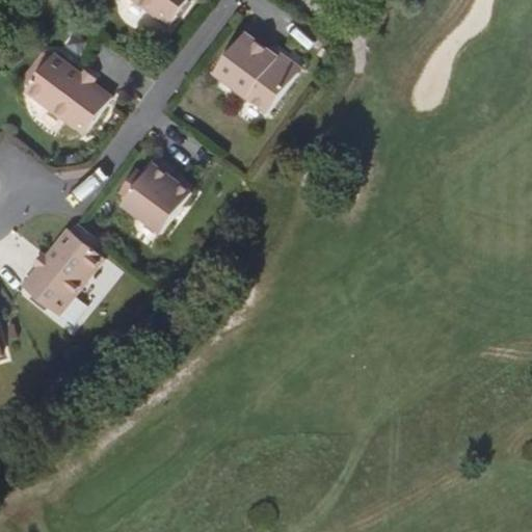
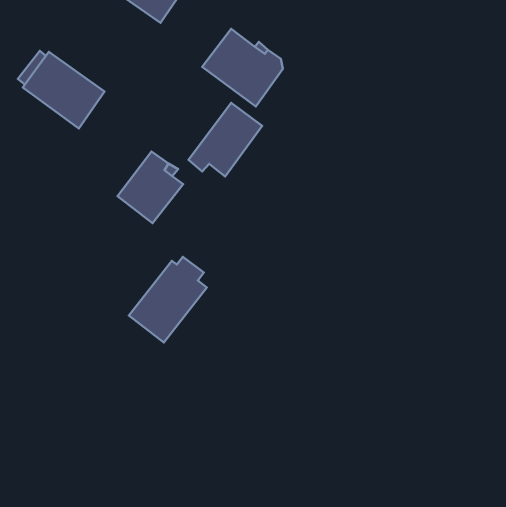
building: none -> [189,103,262,177]
building: [22,225,103,315] -> [129,257,207,342]

